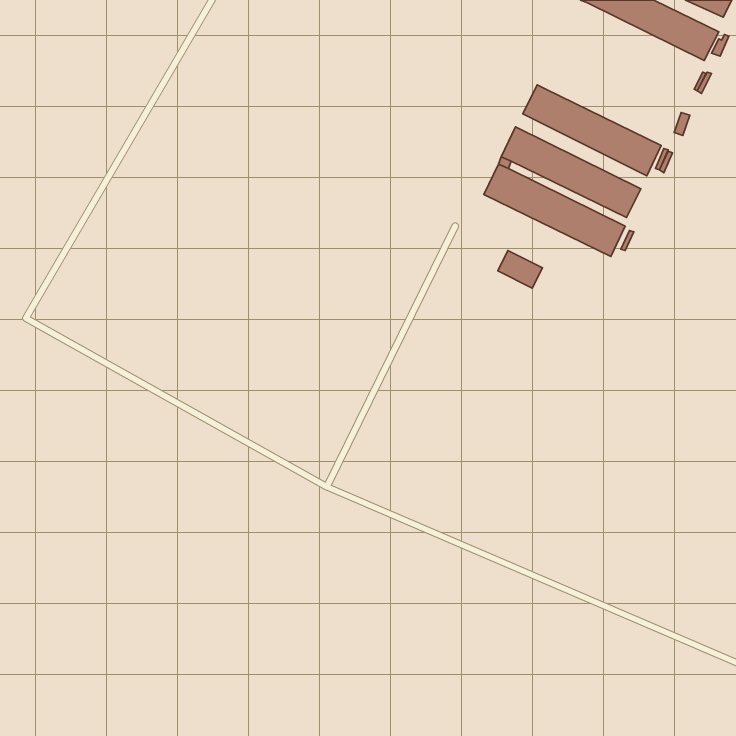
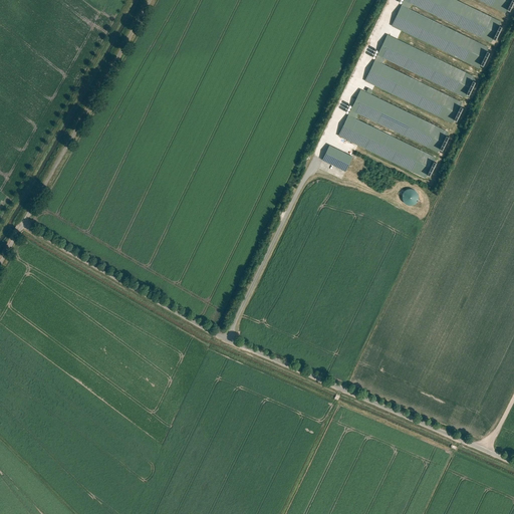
building: none -> [391,4,489,67]
building: none -> [376,34,474,97]
building: [498,251,542,288] -> [320,145,351,171]

